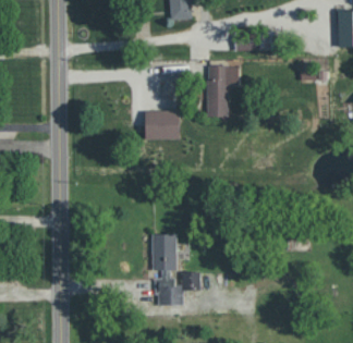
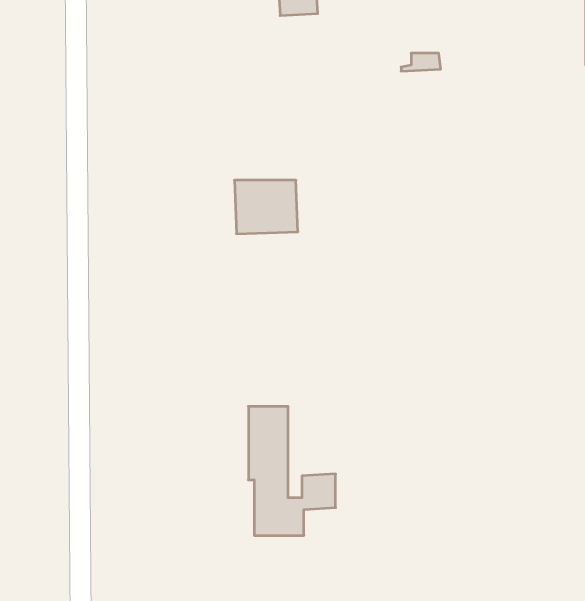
building: [207,65,229,117] -> none

